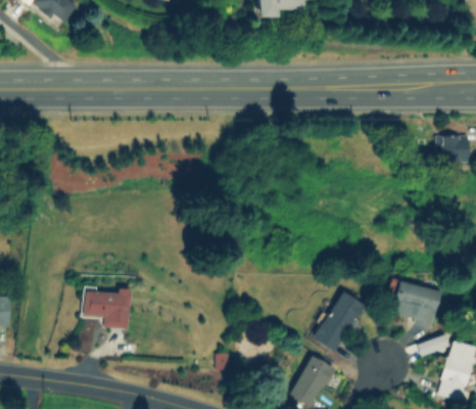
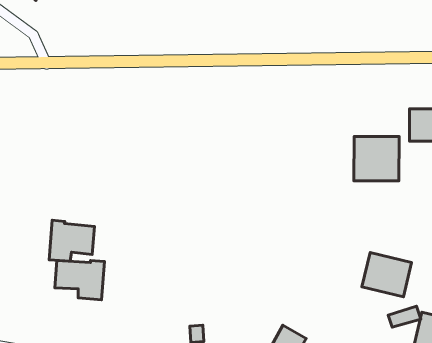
building: none -> [354,136,399,181]
building: none -> [49,220,95,261]
building: [315,289,367,353] -> none

